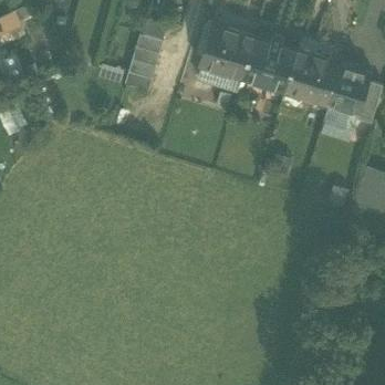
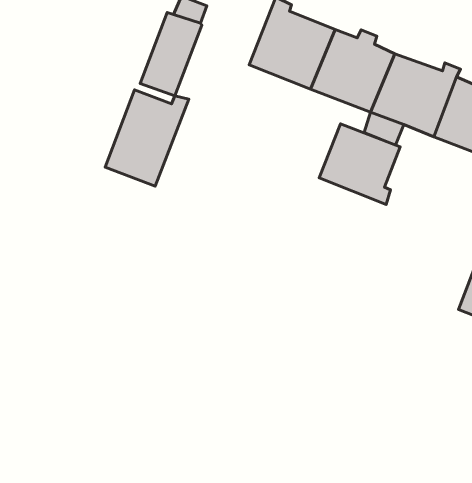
building: none -> [105,90,189,186]
building: none -> [319,124,400,205]

